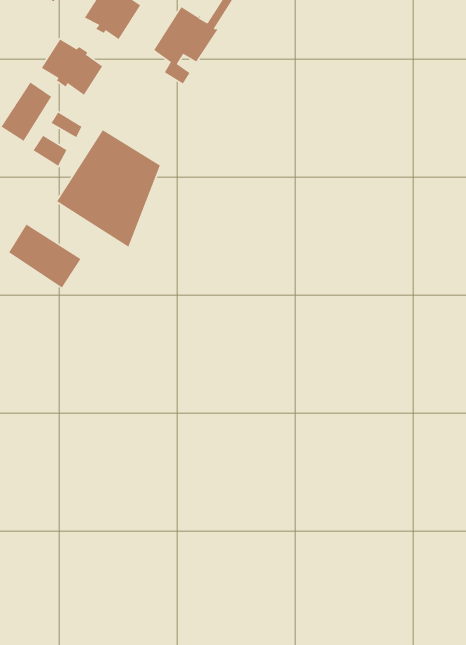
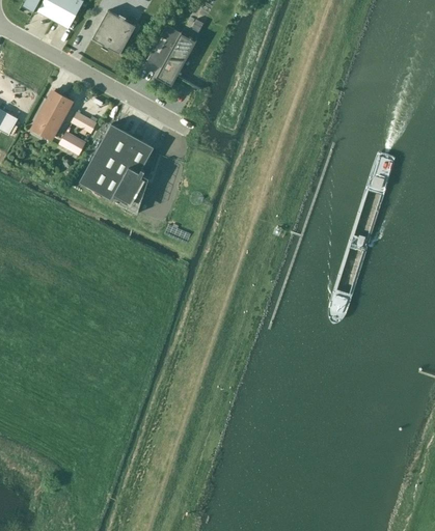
building: [41,39,103,96] -> none
building: [8,223,82,288] -> none

